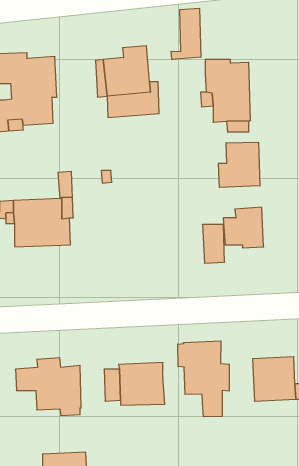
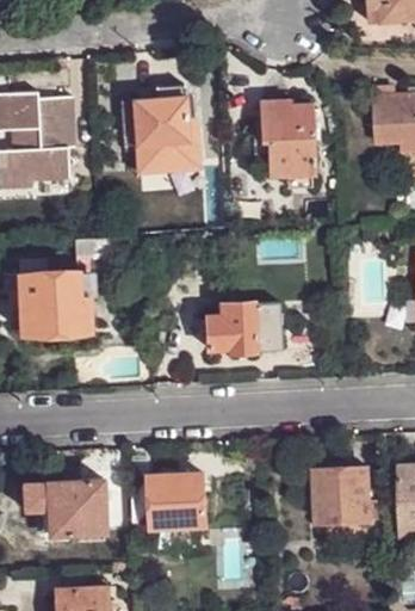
building: [171,8,201,60] -> none
building: [218,142,260,187] -> none
building: [223,207,264,248] -> [206,302,256,352]
building: [178,341,229,417] -> none

